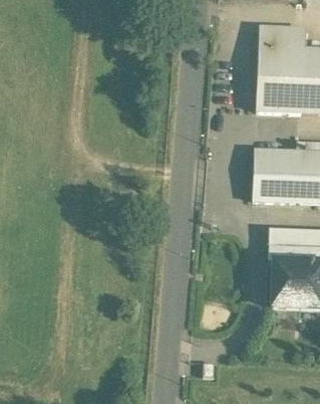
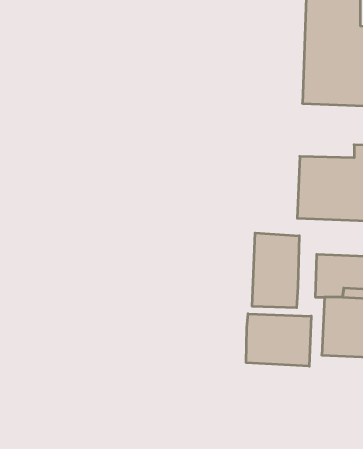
building: none -> [252,233,299,308]
building: none -> [246,314,311,366]

